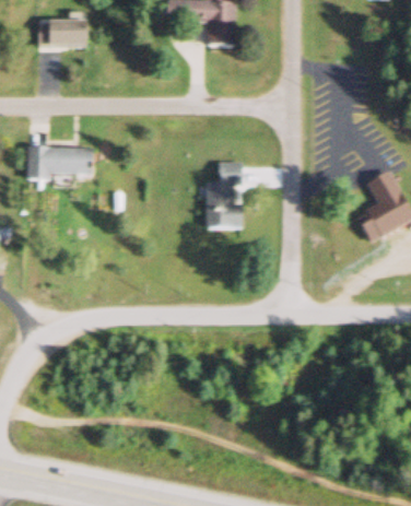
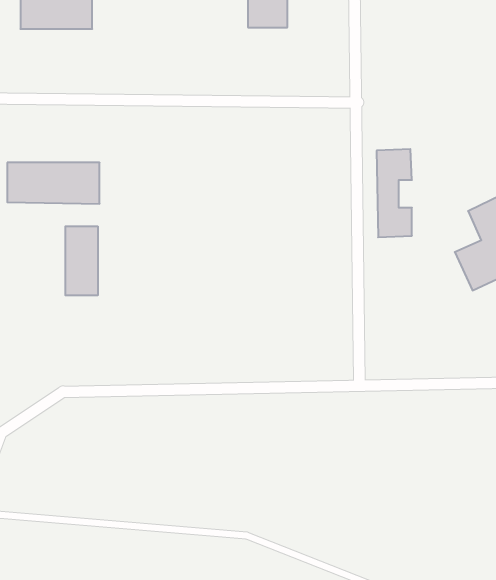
building: [214,161,240,226] -> [377,149,412,237]
building: none -> [65,226,98,295]

